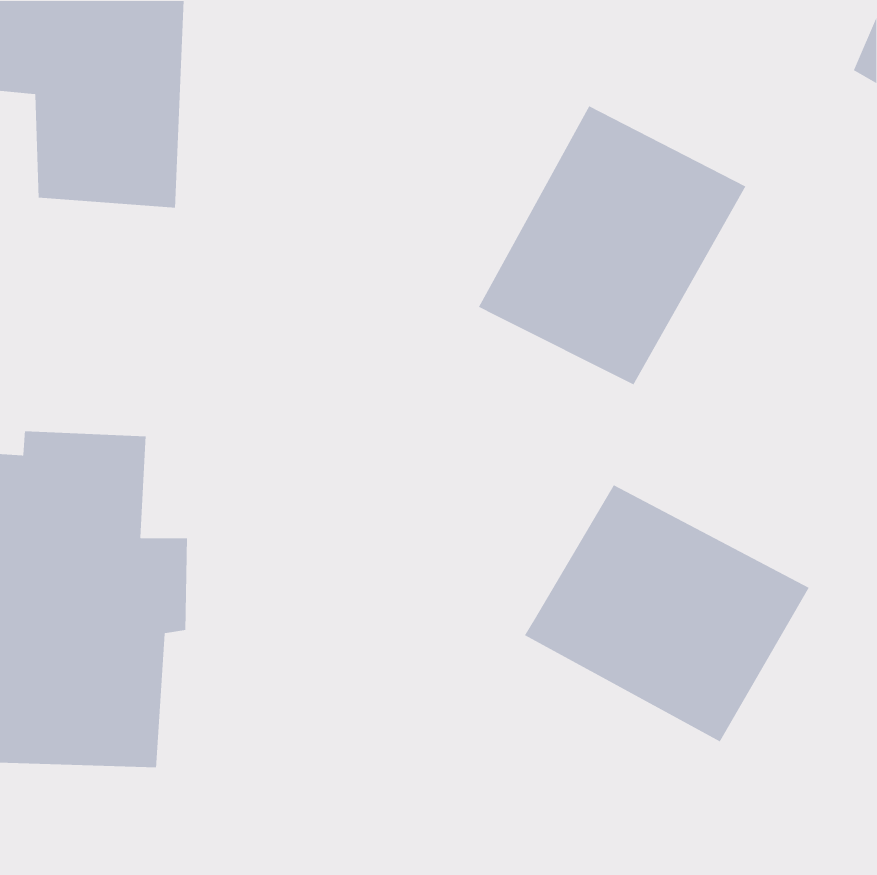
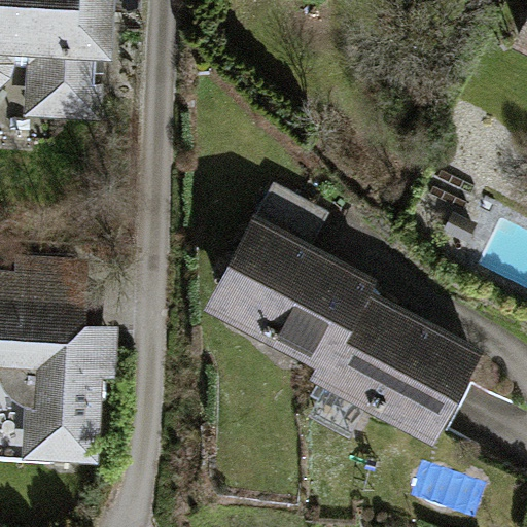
building: [478,105,747,386] -> none
building: none -> [201,185,374,373]

